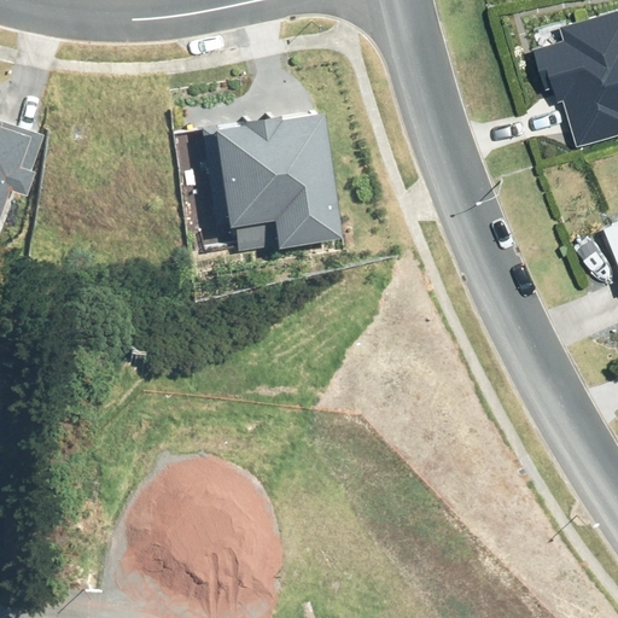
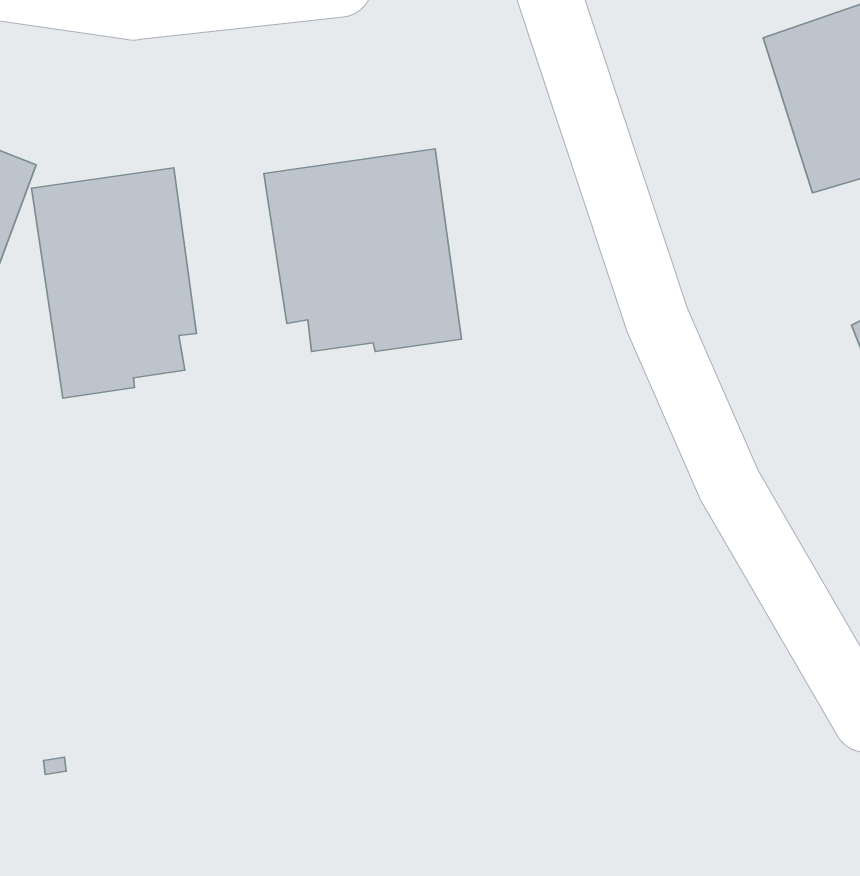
building: none -> [32,168,197,398]

